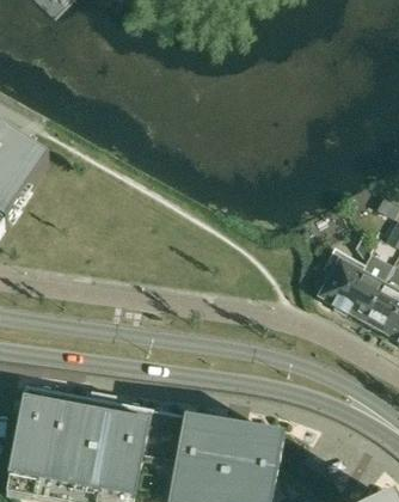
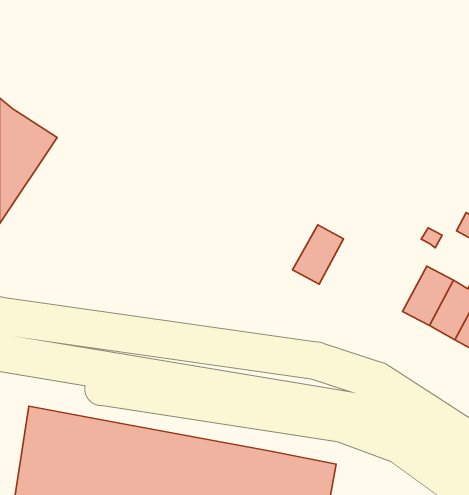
building: [318,256,361,306] -> [292,225,343,284]

